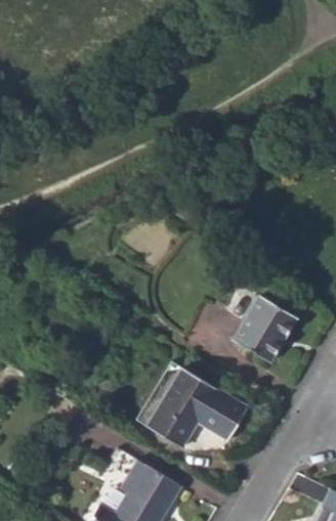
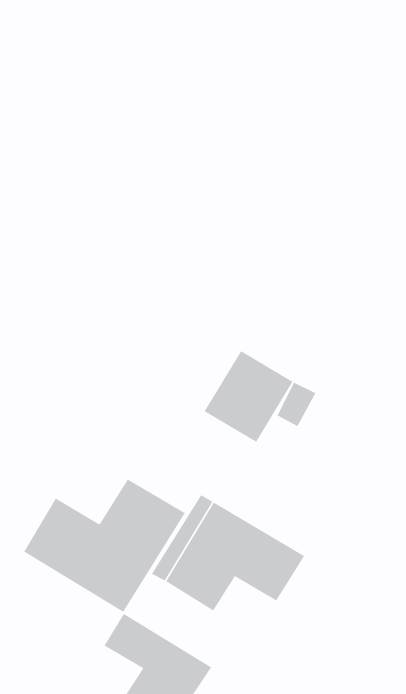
building: [233,296,297,362] -> [204,350,294,443]
building: none -> [23,478,186,613]

